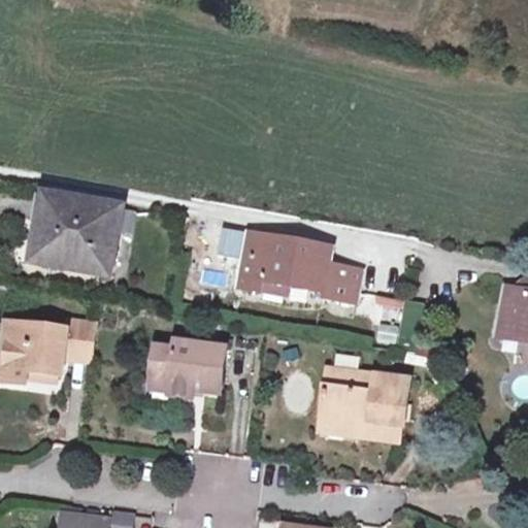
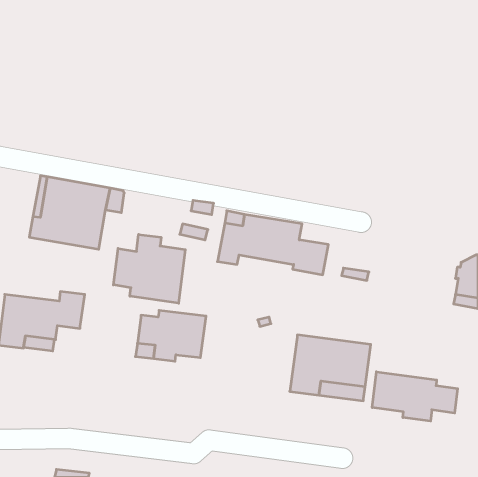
building: none -> [113,234,185,303]
building: none -> [372,372,458,421]

